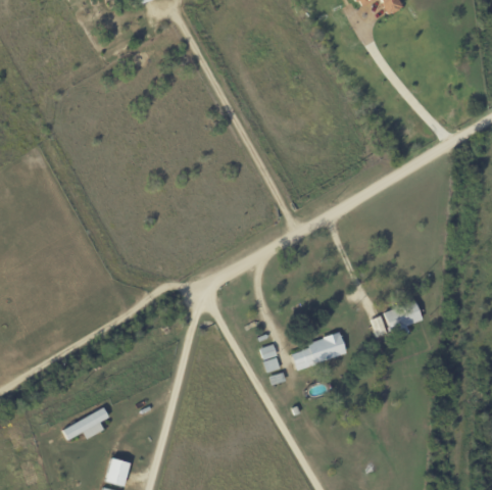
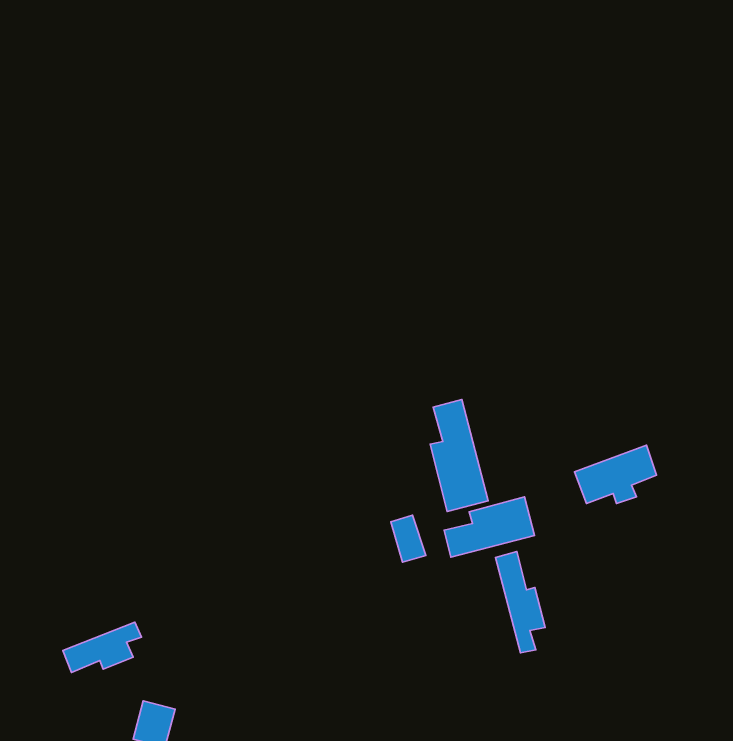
building: none -> [430,400,488,512]
building: none -> [495,552,545,653]

